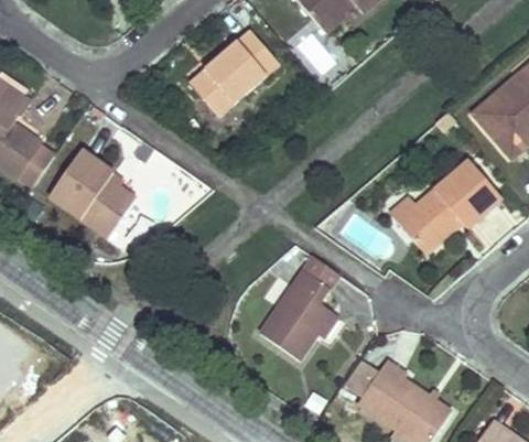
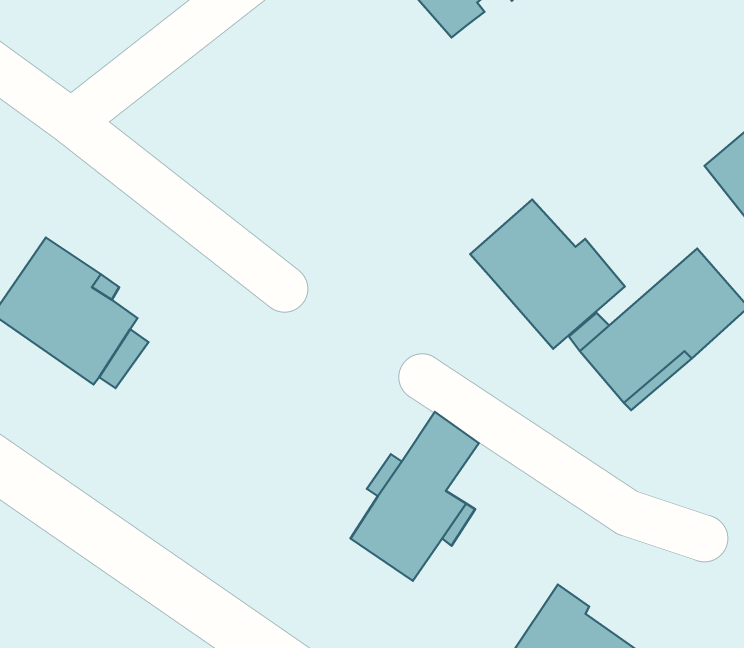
building: [188,26,281,115] -> none
building: none -> [470,199,625,349]

